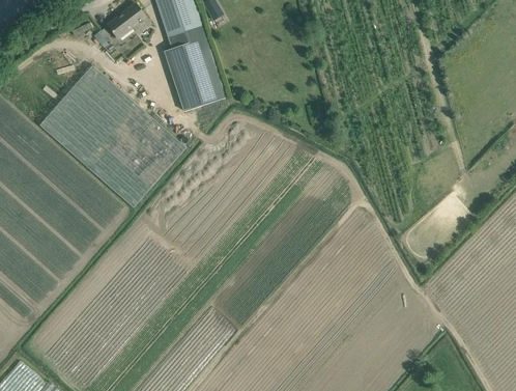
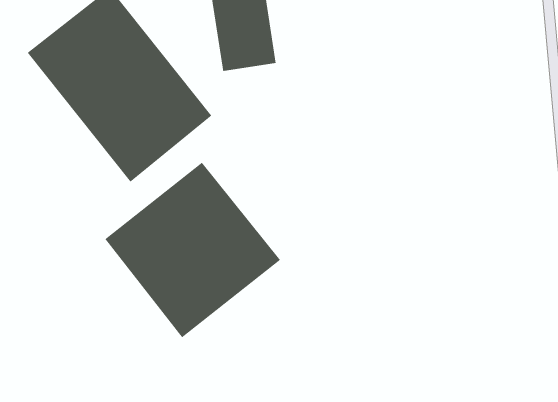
building: none -> [105,162,281,338]

